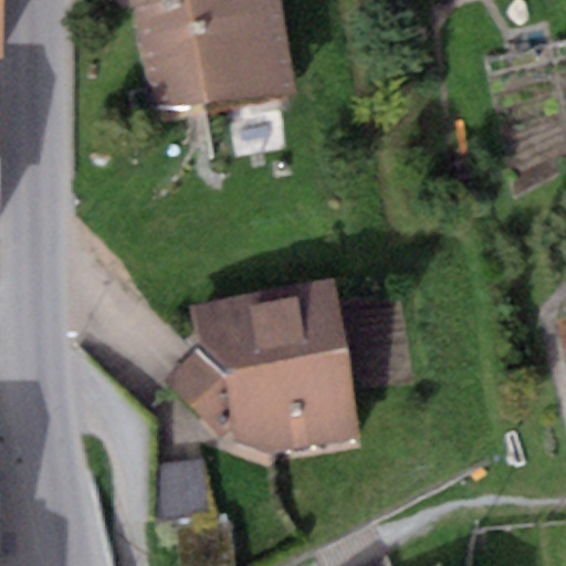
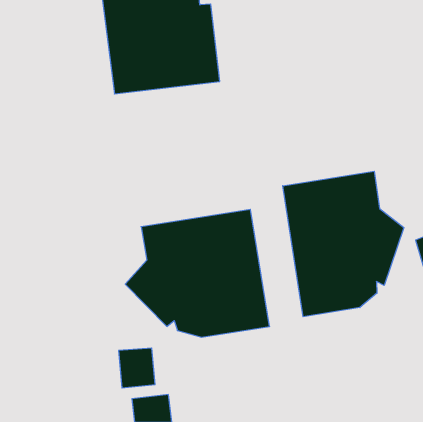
building: none -> [283,171,404,317]

